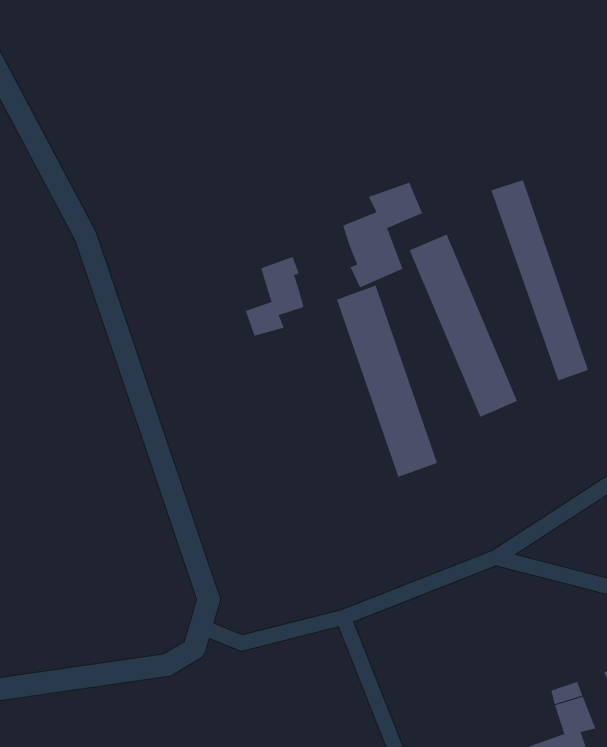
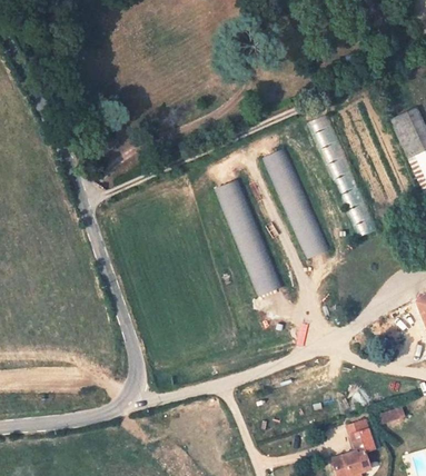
building: [342,182,423,288] -> none
building: [245,256,304,337] -> none

